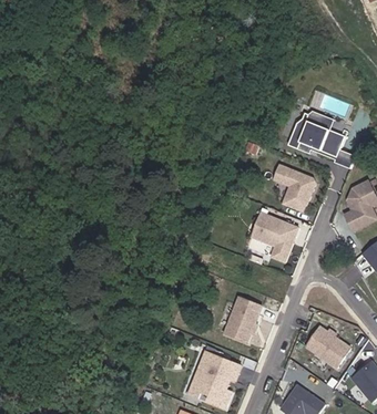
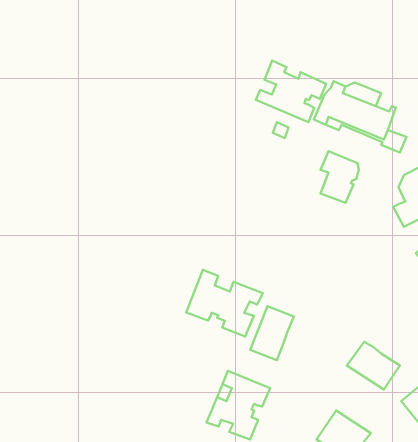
building: none -> [256,60,326,122]
building: [251,210,298,260] -> none
building: none -> [186,270,263,337]

